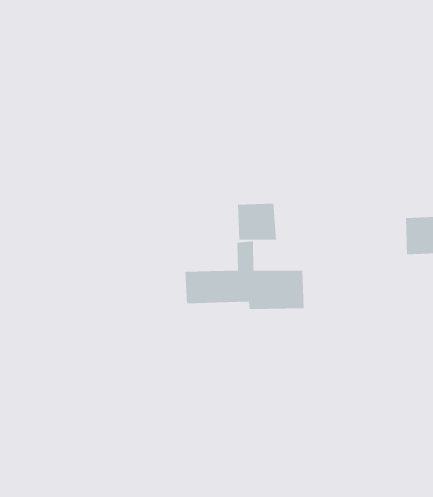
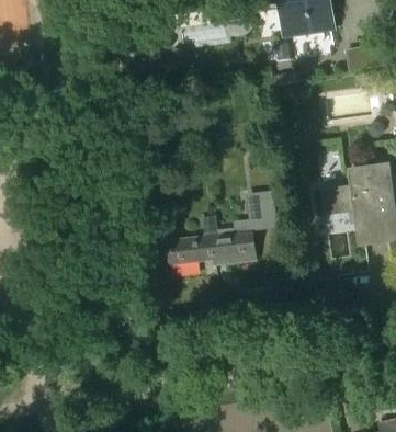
building: [237,203,277,240] -> [249,202,280,230]

